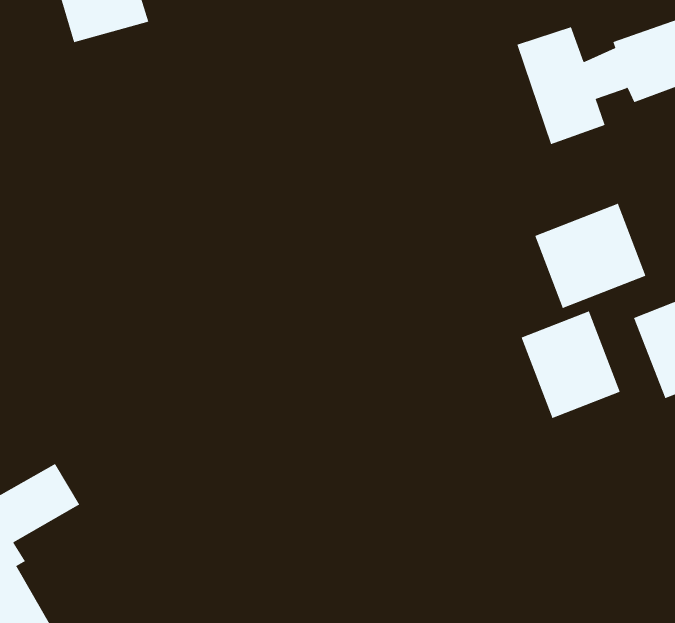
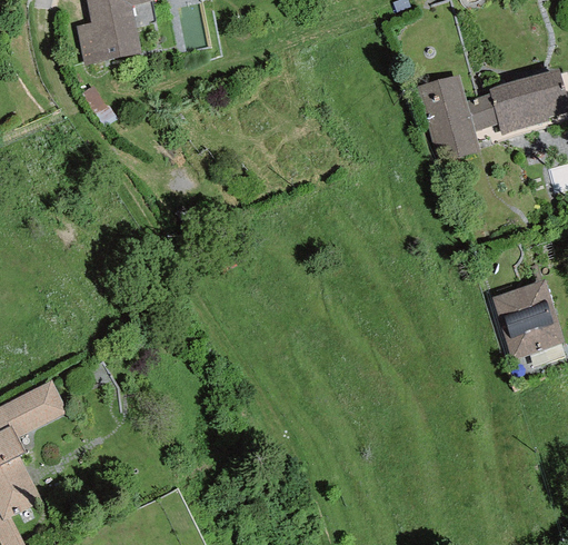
building: [534,203,646,309] -> none
building: [521,311,621,419] -> none

